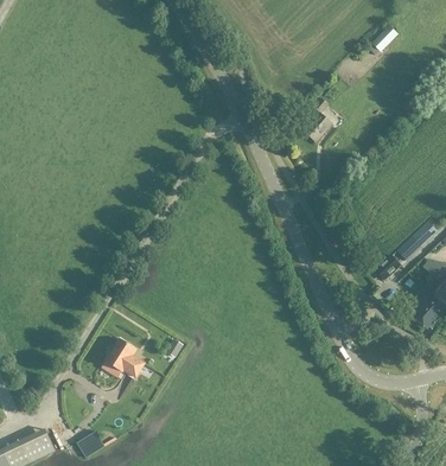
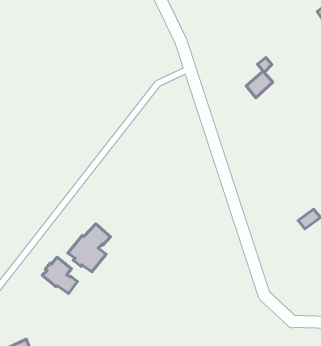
building: none -> [68,224,110,272]

